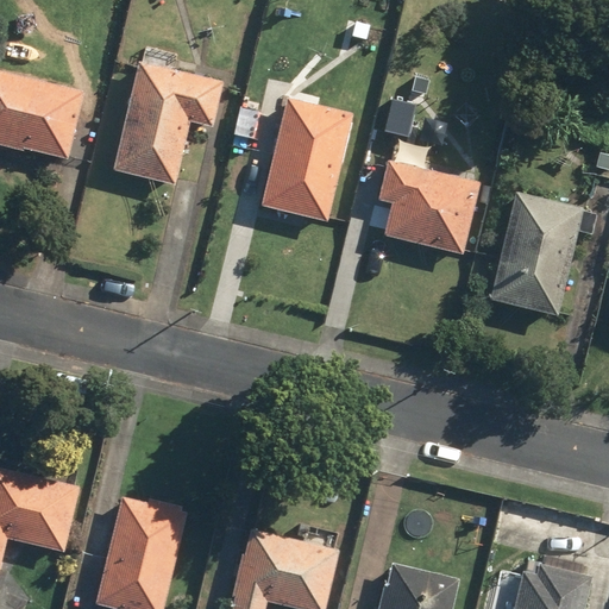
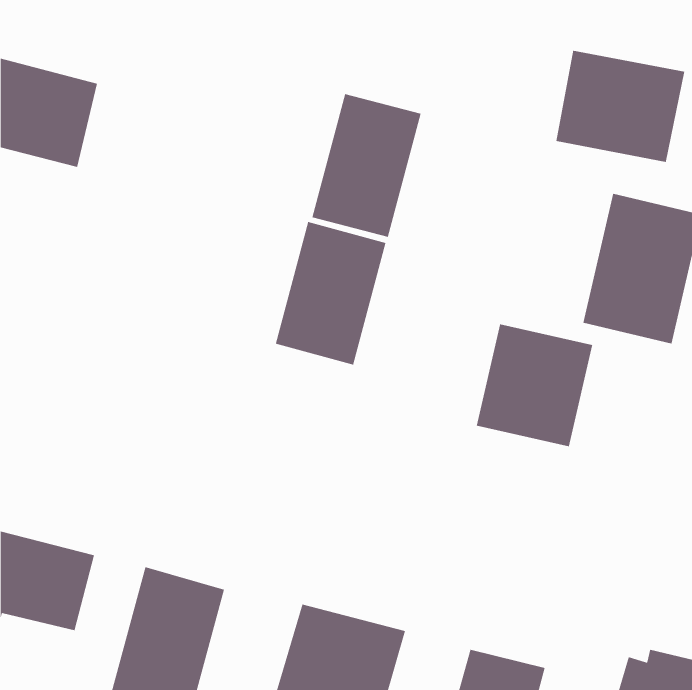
building: [113,62,230,184] -> none
building: [370,156,478,250] -> [555,50,685,163]
building: none -> [275,221,386,365]
building: none -> [476,324,593,447]

